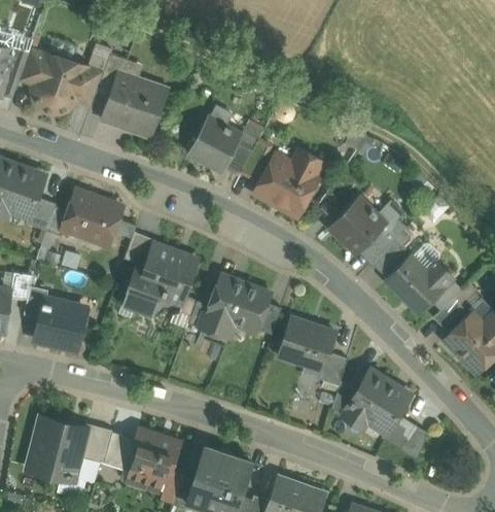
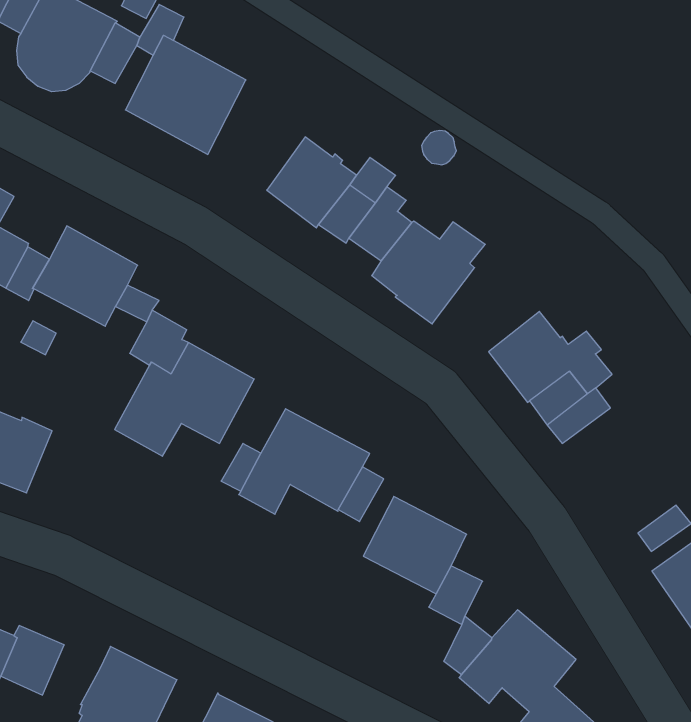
building: [387,243,454,310] -> none
building: [104,432,135,470] -> none

